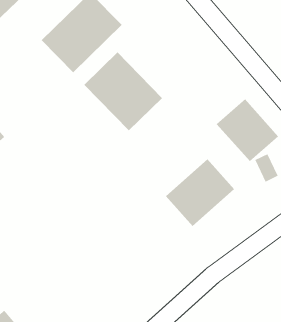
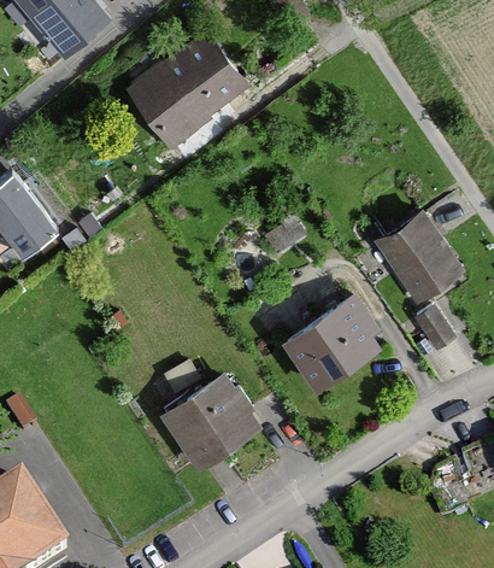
building: [83,52,163,131] -> none
building: none -> [159,369,259,468]

